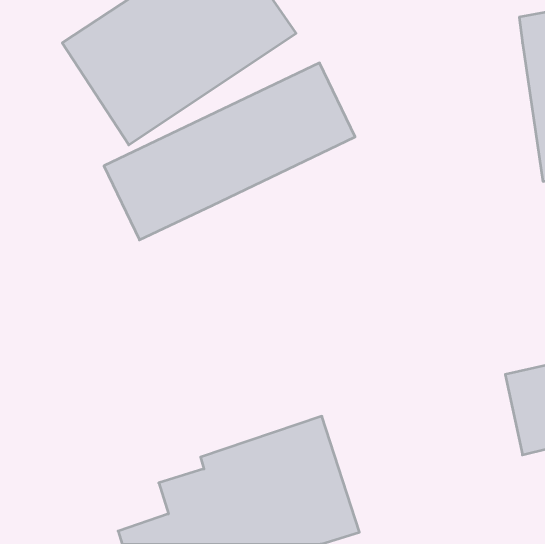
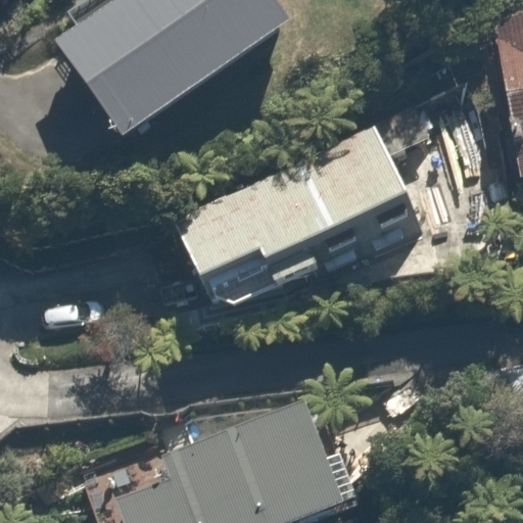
building: [104,63,355,240] -> [162,129,401,297]

